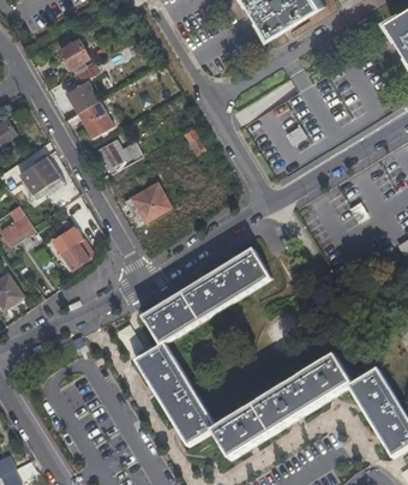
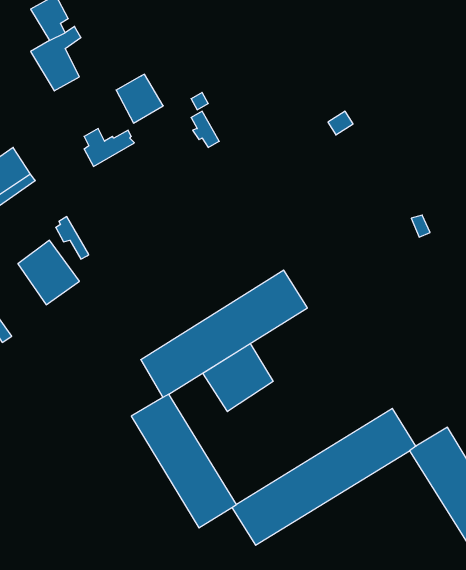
building: [77,100,113,137] -> [116,74,163,123]
building: [128,181,170,221] -> none
building: none -> [203,344,273,412]

